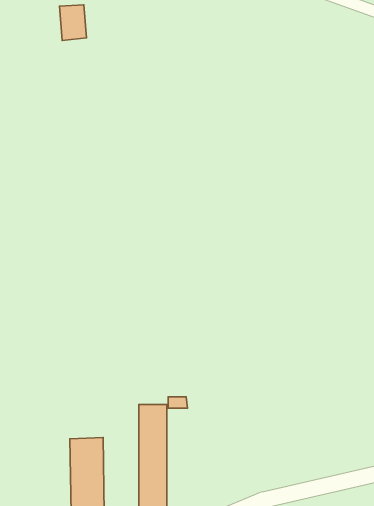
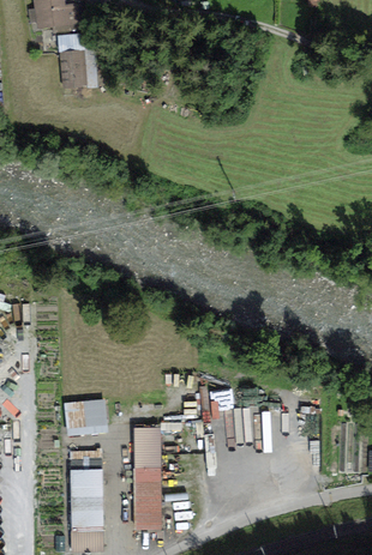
building: none -> [64,400,108,438]

